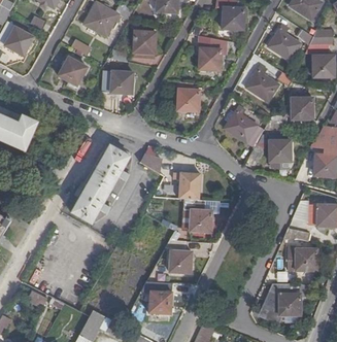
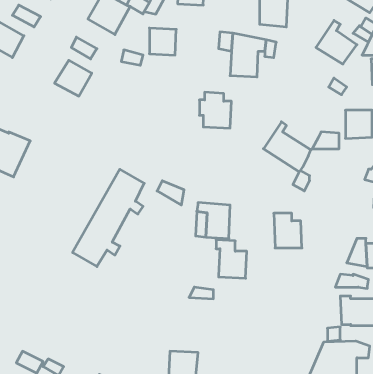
building: [246,65,278,101] -> none
building: [102,67,133,93] -> none
building: [269,134,292,162] -> [274,213,302,248]
building: [169,249,193,273] -> none

